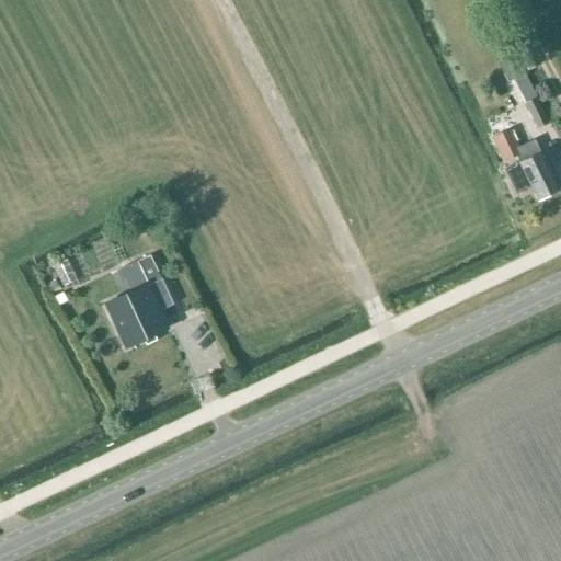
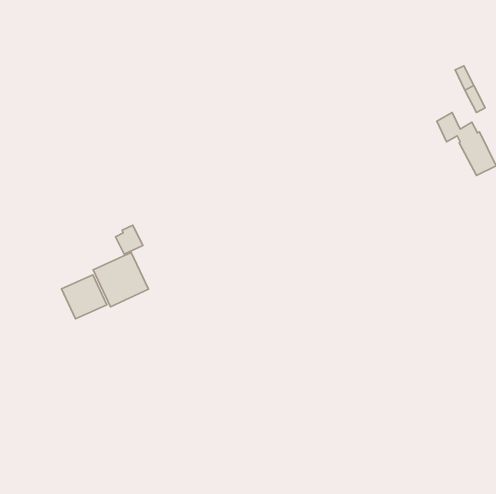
building: none -> [61,275,107,319]

